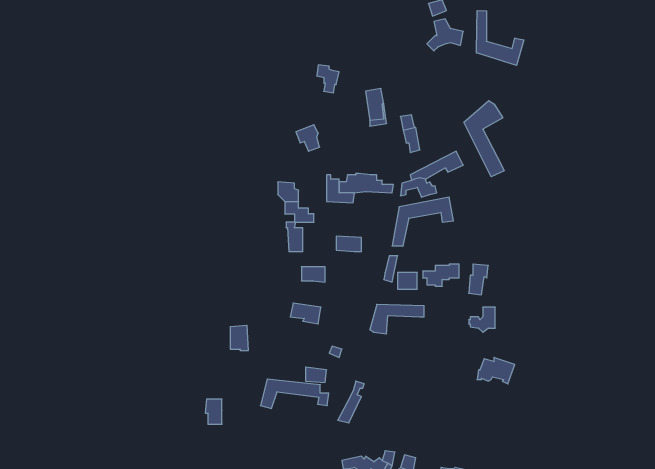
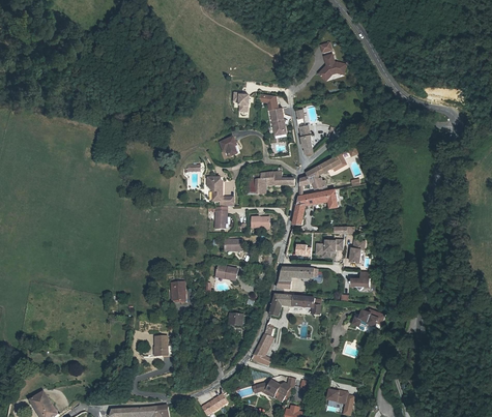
building: [476,11,524,65] -> none
building: [464,101,504,177] -> none
building: [260,379,329,408] -> [268,295,319,317]

